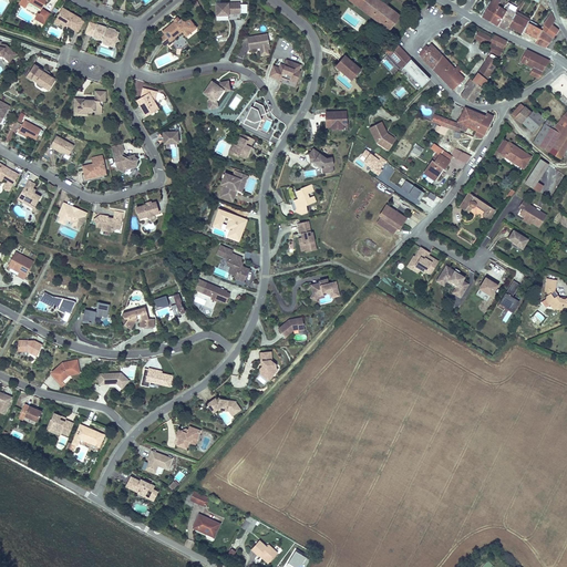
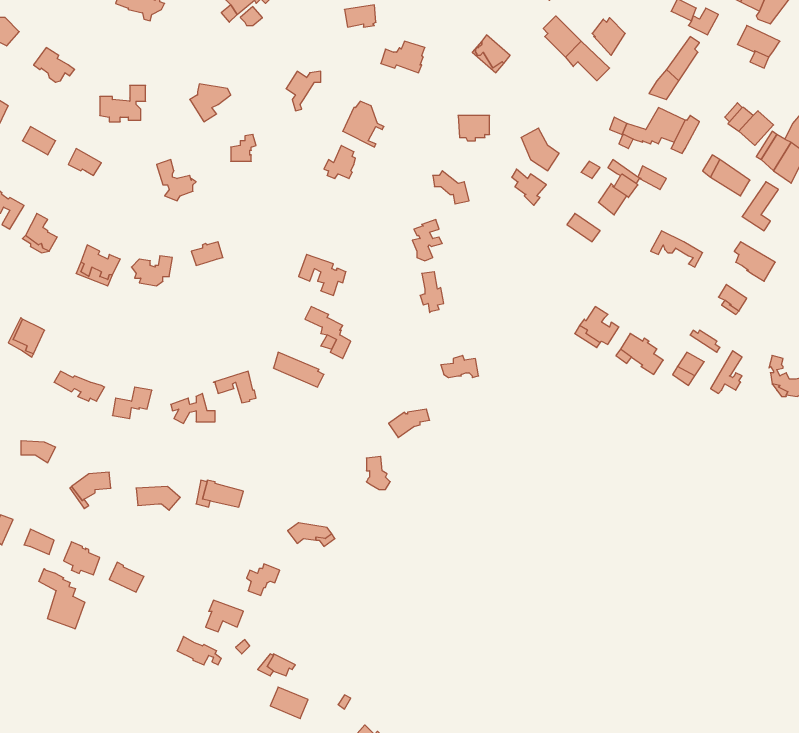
building: [432,54,465,90] -> none
building: [81,155,106,183] -> none
building: [220,171,247,200] -> none
building: [377,204,406,234] -> none
building: none -> [39,569,85,629]

